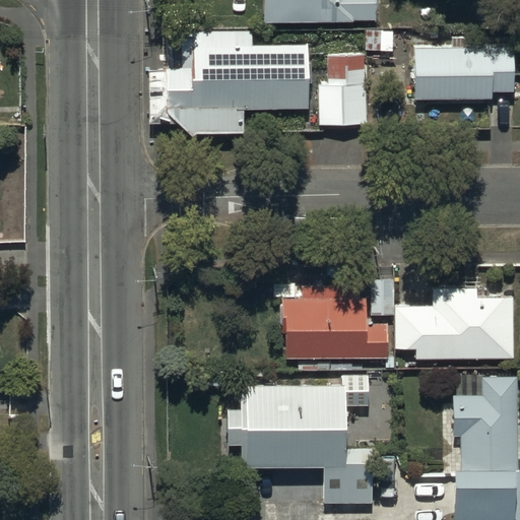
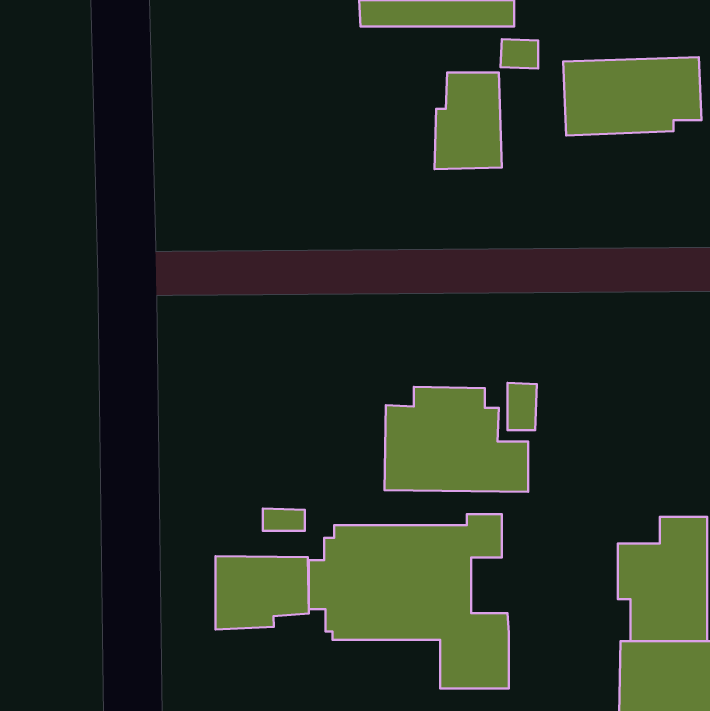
building: [149,31,310,133] -> none
building: [396,288,514,359] -> none
building: none -> [215,556,309,630]

